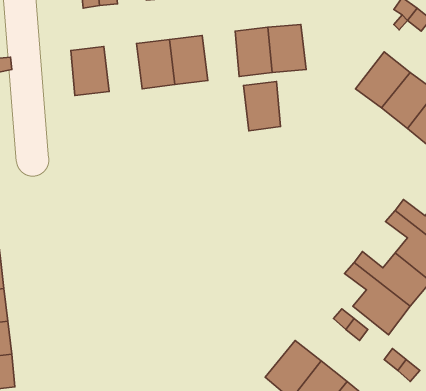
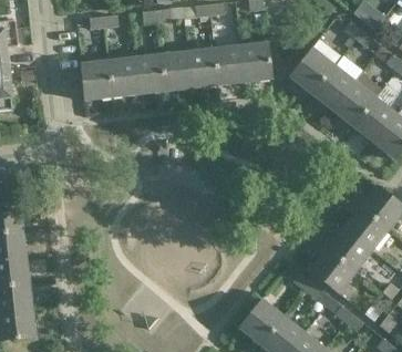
building: none -> [290,49,334,95]
building: none -> [107,59,138,97]
building: [243,82,280,131] -> [187,49,217,89]

